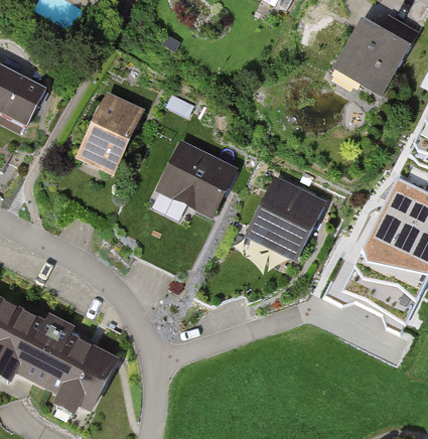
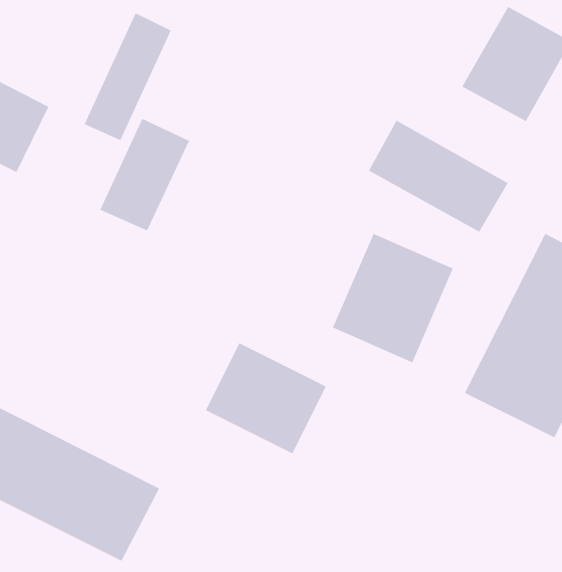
building: none -> [83,12,172,141]
building: none -> [368,119,509,233]
building: [152,140,239,220] -> [205,342,327,454]

